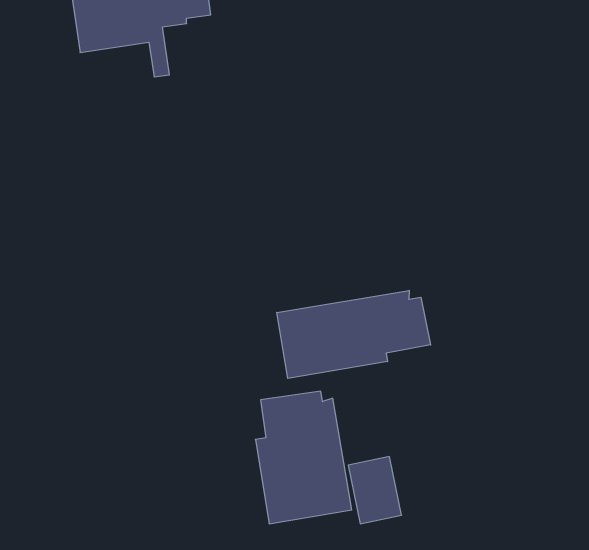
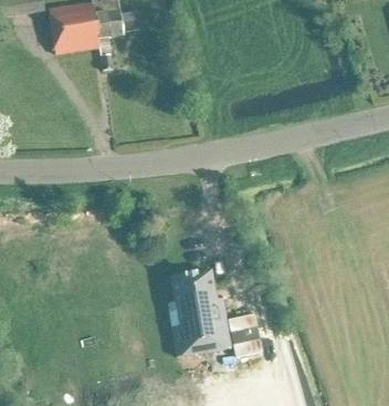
building: [277,290,431,378] -> none

